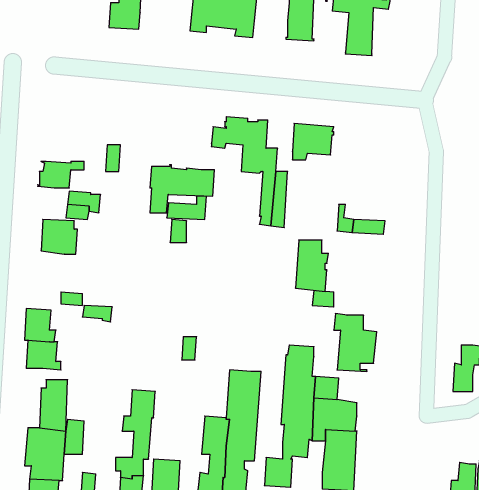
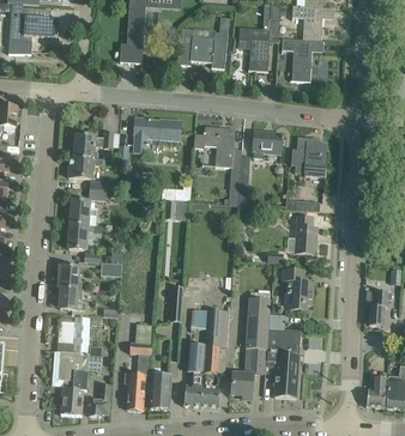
building: none -> [74,131,114,159]
building: none -> [291,137,327,177]
building: [150,165,214,213] -> [134,116,181,151]
building: [295,240,328,291] -> [294,217,318,254]
building: none -> [68,223,103,249]

